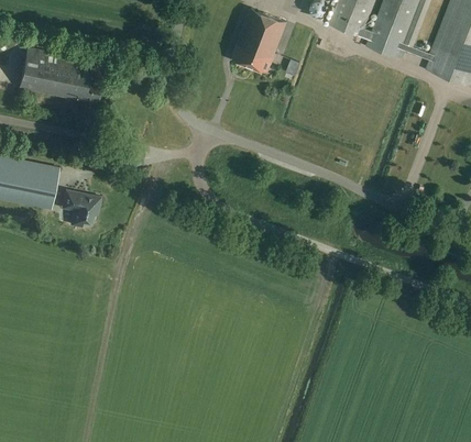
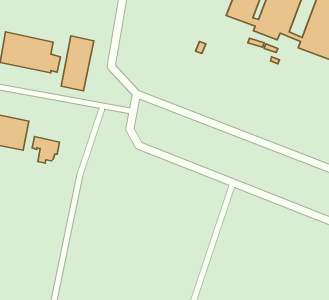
building: [232,8,286,71] -> none
building: none -> [61,36,94,91]

